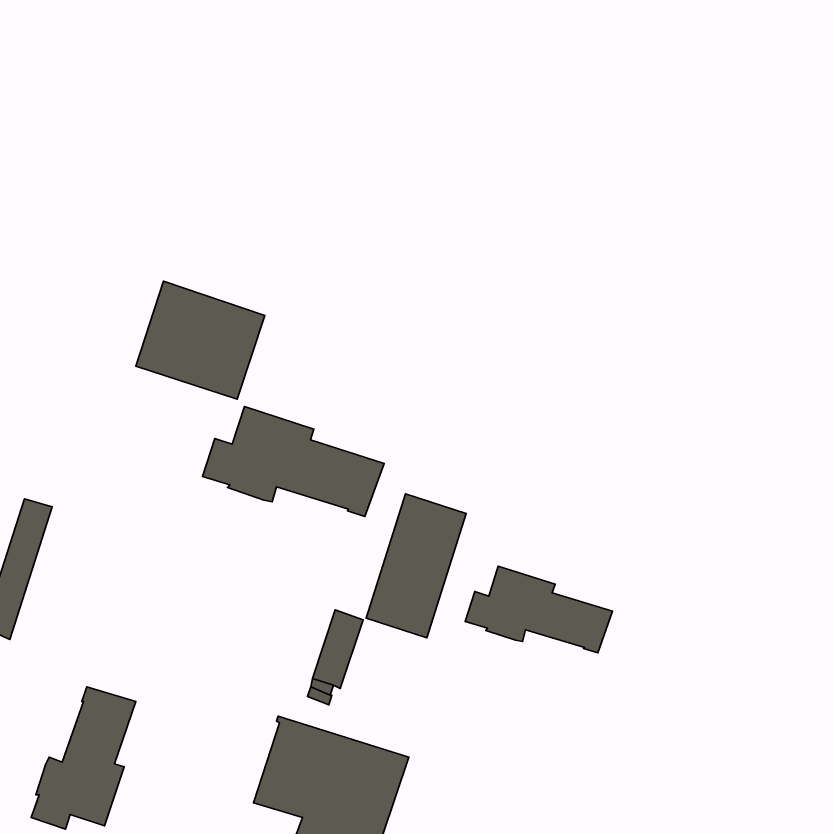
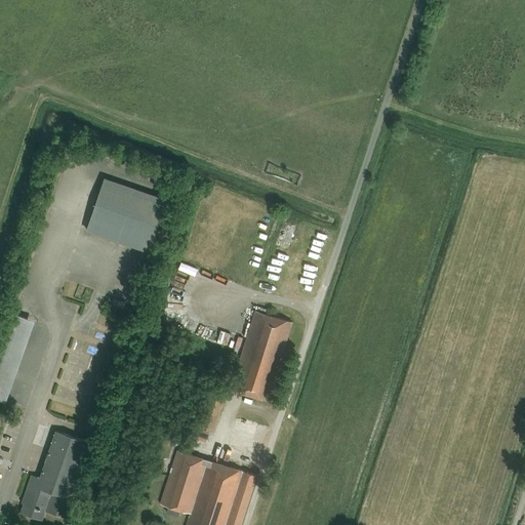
building: [202,406,384,516] -> none
building: [465,566,612,653] -> none

